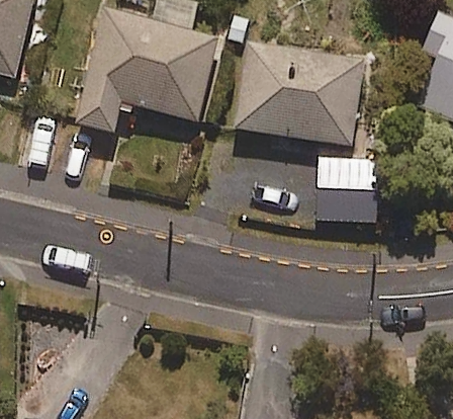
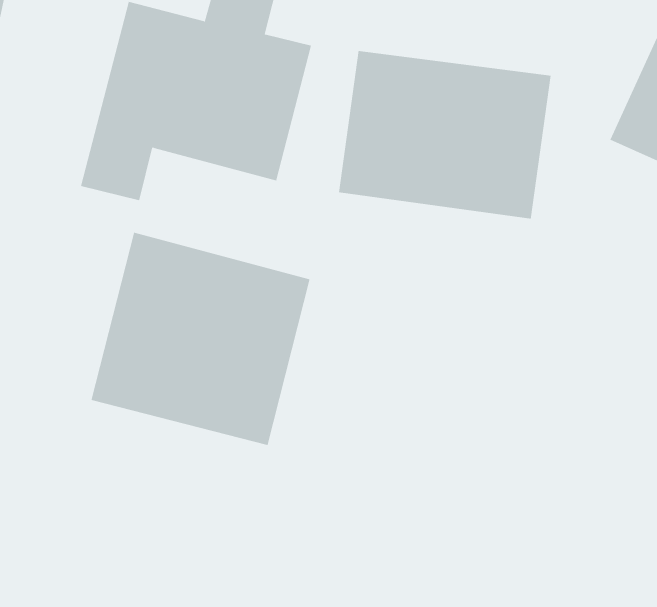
building: none -> [91,232,310,446]

